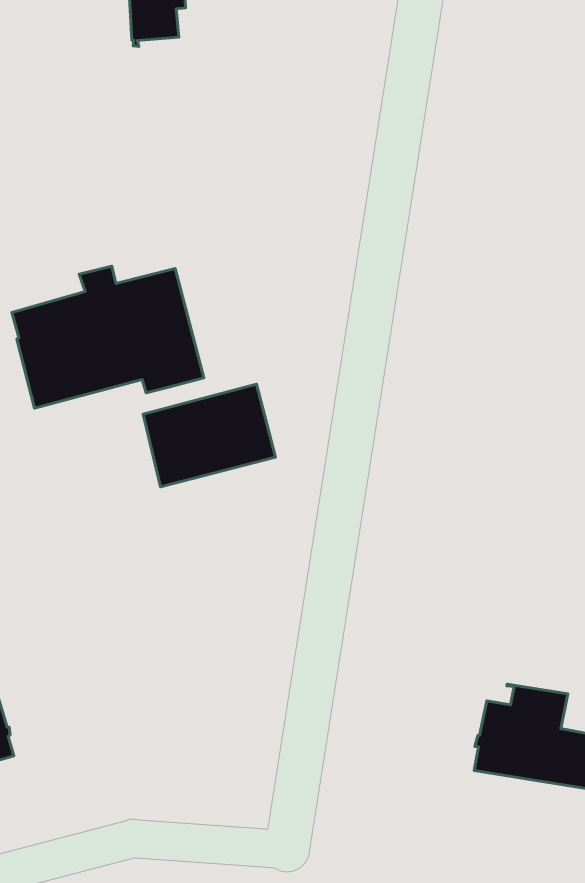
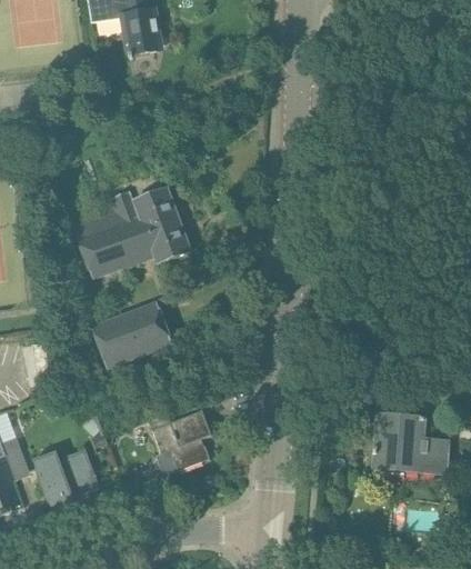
building: [143,384,276,487] -> [91,301,172,368]
building: none -> [147,410,211,470]

